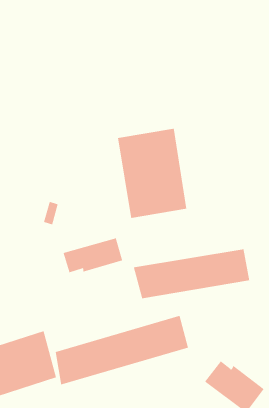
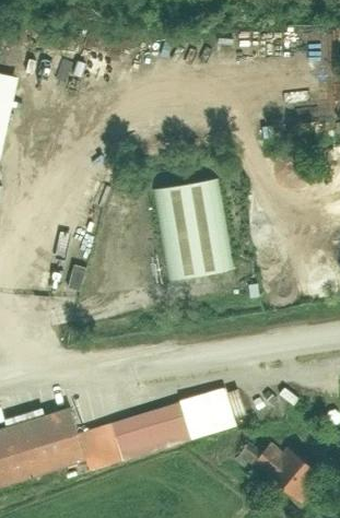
building: [63,237,123,273] -> none
building: [133,248,250,299] -> none

